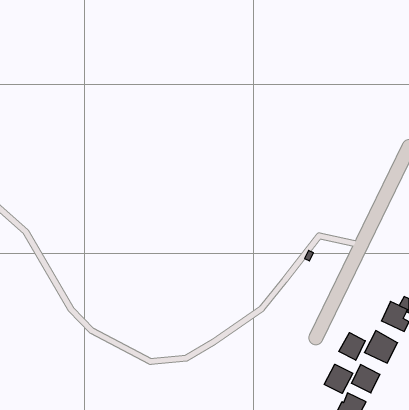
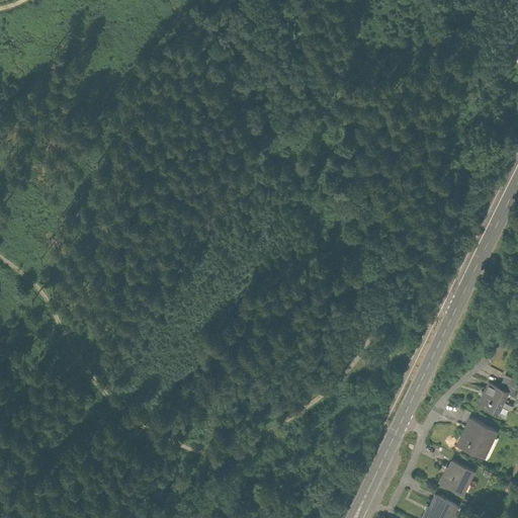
building: [339,333,365,360] -> none
building: [324,364,353,393] -> none

